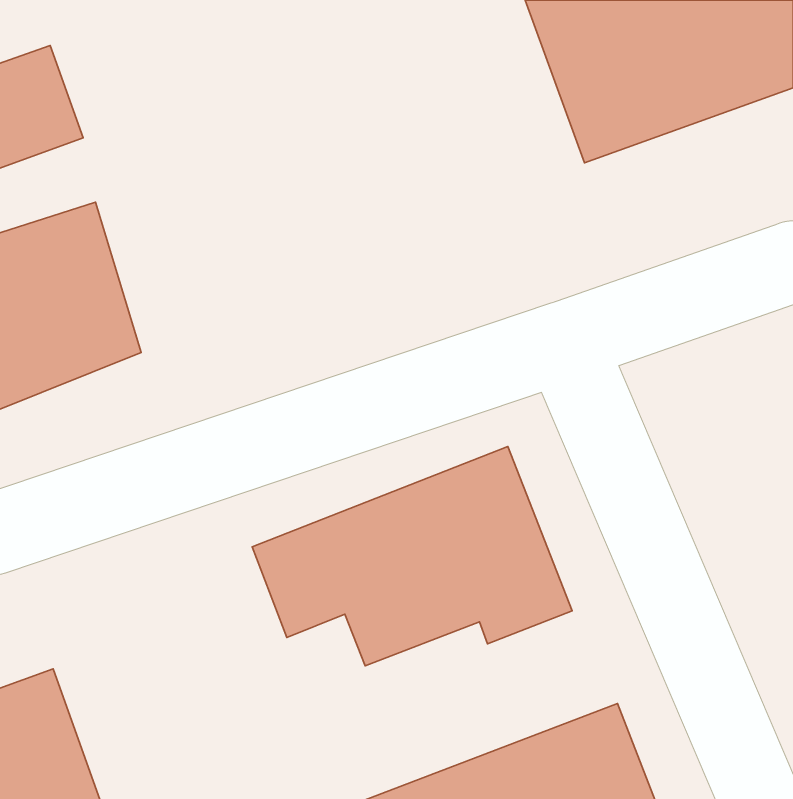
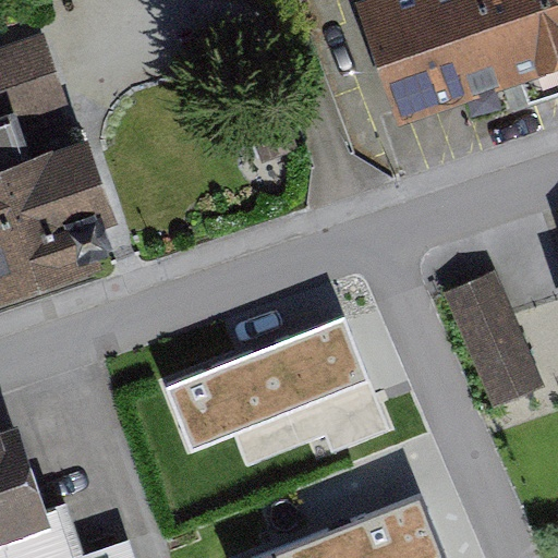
building: none -> [441,272,543,410]

